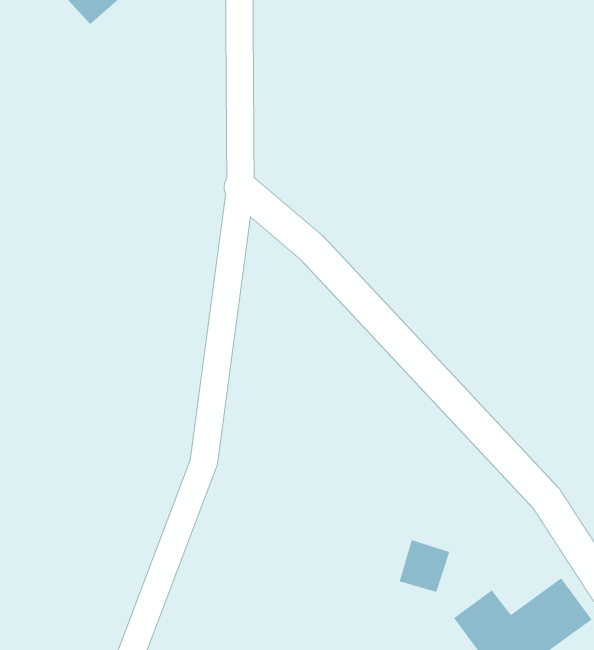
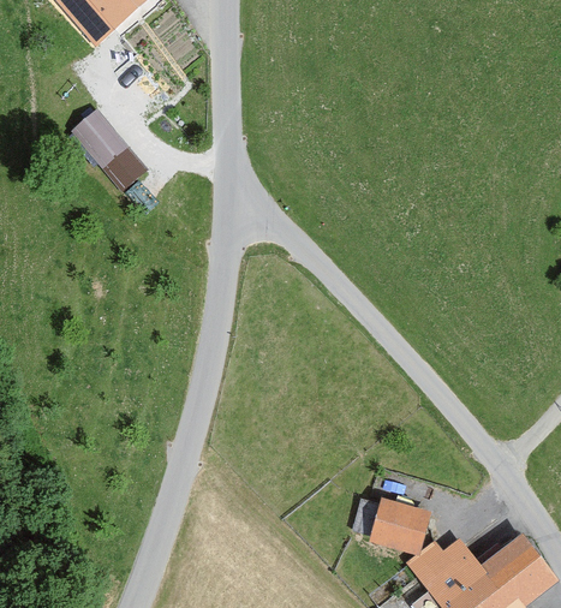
building: none -> [74,103,150,187]

